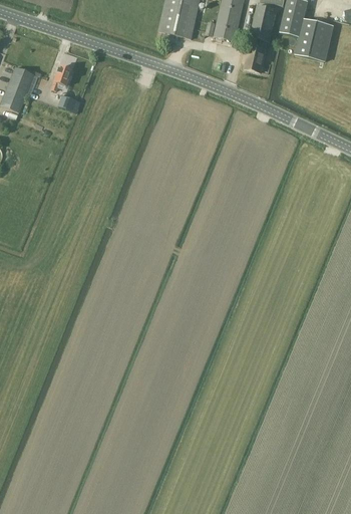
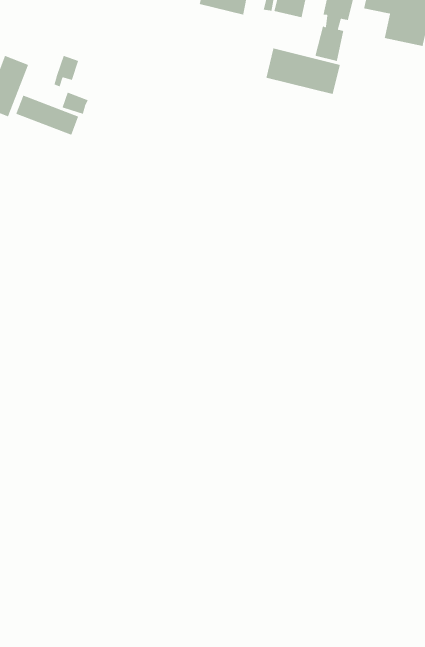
building: none -> [265,48,341,95]
building: none -> [15,95,79,136]

